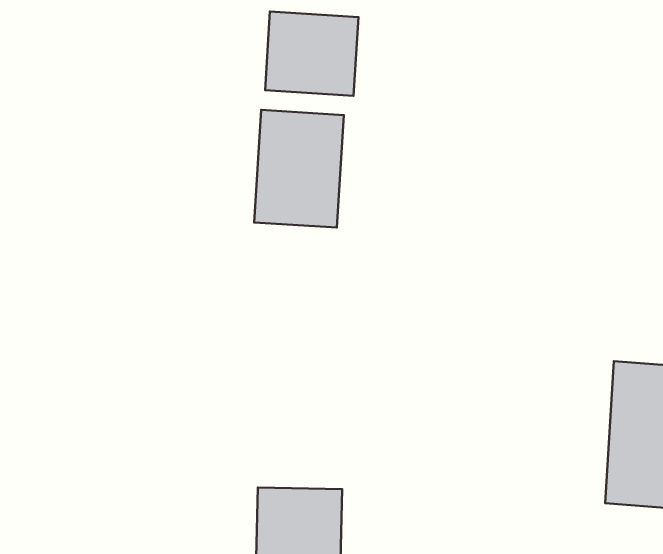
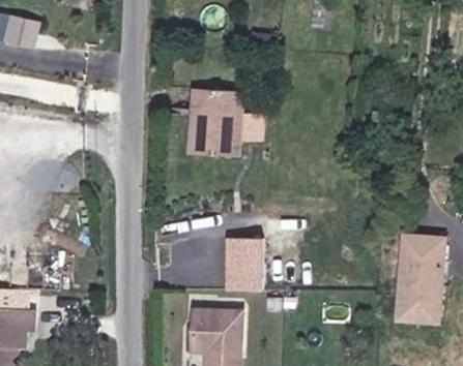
building: [265,12,358,96] -> none
building: none -> [222,238,259,289]

